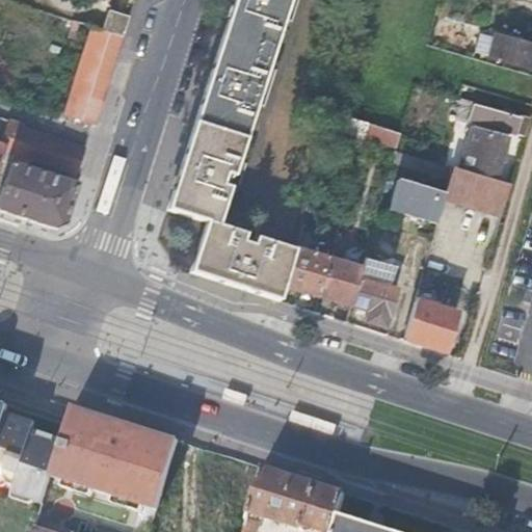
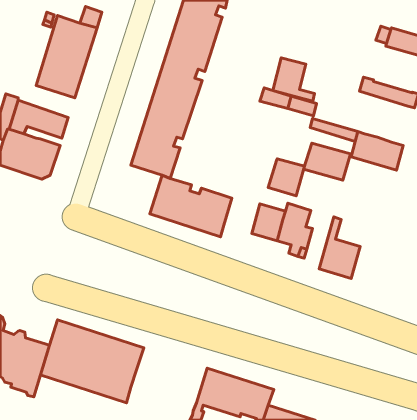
building: none -> [273,58,315,101]
building: [464,127,511,180] -> none
building: [287,248,332,295] -> [268,159,304,196]

